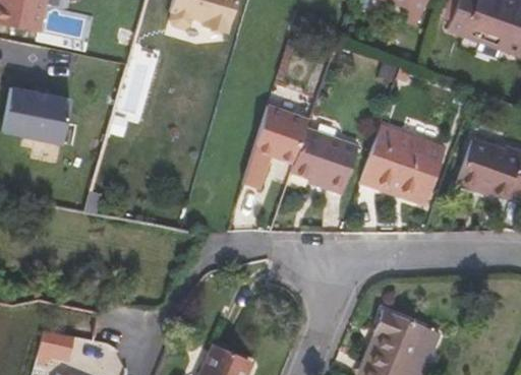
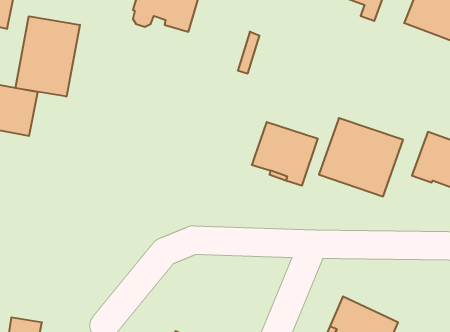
building: none -> [15,16,80,97]
building: [242,106,308,189] -> none

